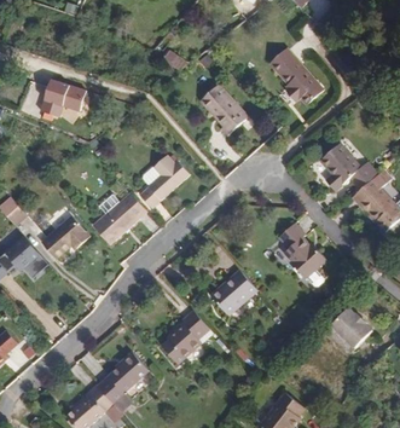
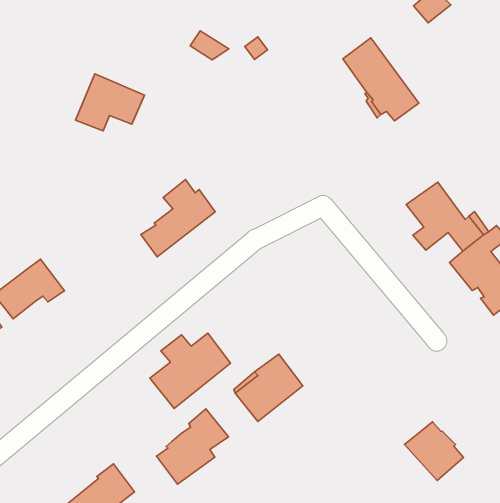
building: [41,76,87,115] -> [76,74,145,131]
building: [199,83,248,135] -> none
building: [92,191,146,244] -> [150,333,230,408]
building: [278,222,325,277] -> none

